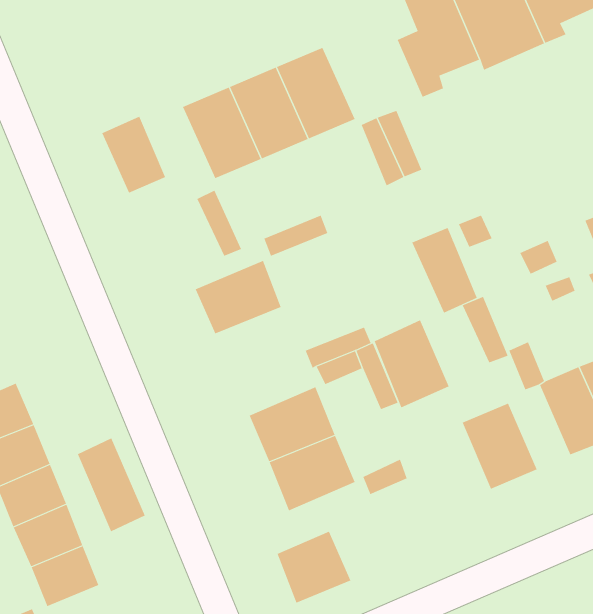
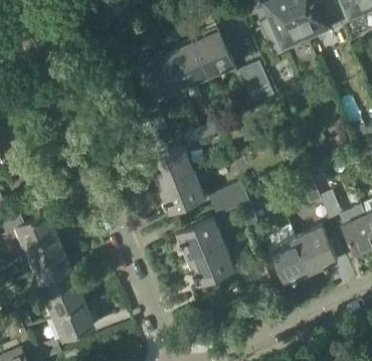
building: [102,116,166,194] -> none
building: [412,227,478,313] -> none
building: none -> [157,172,205,214]
building: [374,320,450,408] -> [268,236,311,286]
building: [77,437,145,532] -> none
building: [277,531,351,603] -> none

